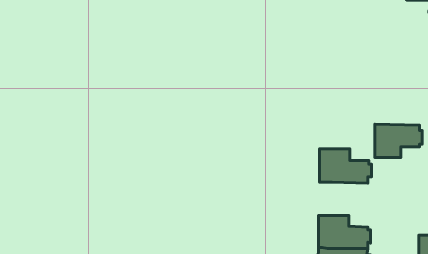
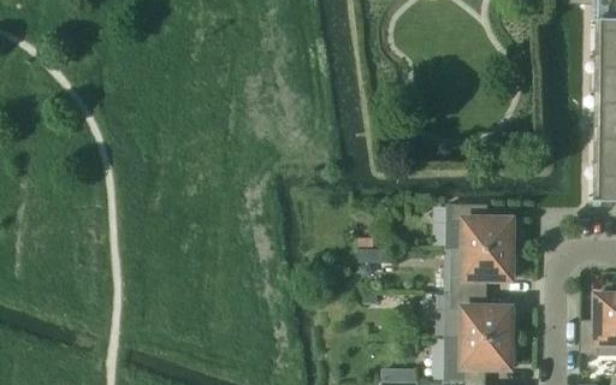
building: [375,124,422,158] -> [451,248,515,292]

